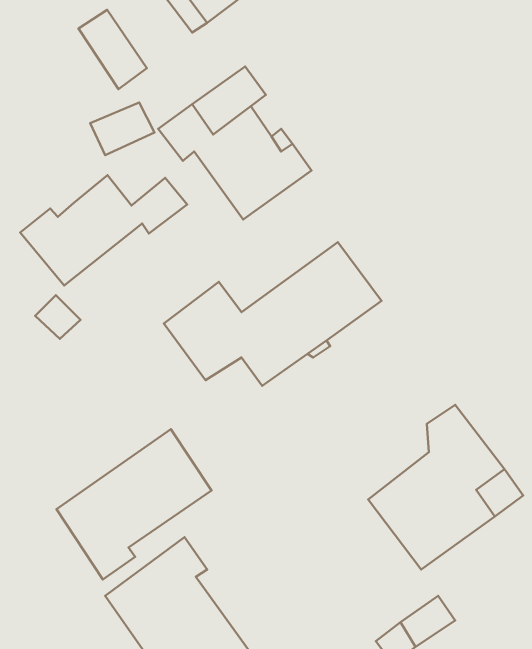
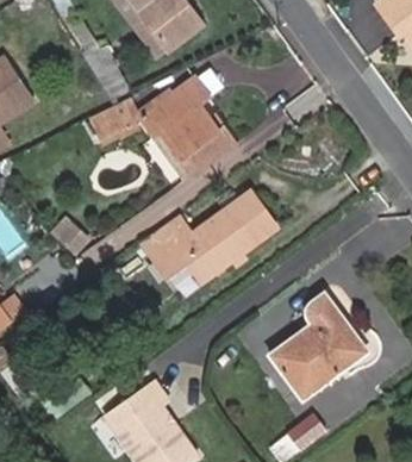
building: [20,175,187,286] -> none
building: [57,429,212,579] -> none

